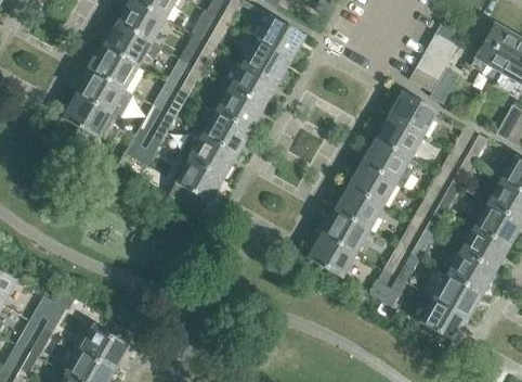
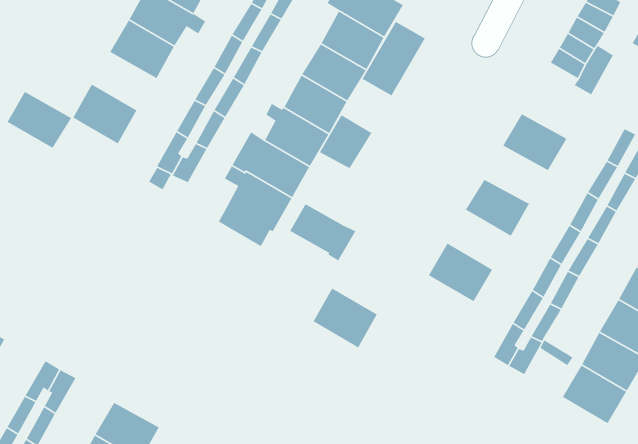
building: none -> [362,21,426,96]
building: [77,71,125,113] -> [7,91,72,149]
building: [390,90,438,133] -> none
building: none -> [319,114,373,169]
building: [363,139,417,187] -> none
building: none -> [289,203,356,261]
building: [336,186,382,229] -> none
building: [308,233,355,278] -> [312,287,378,348]

